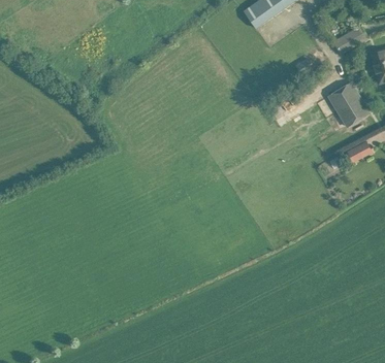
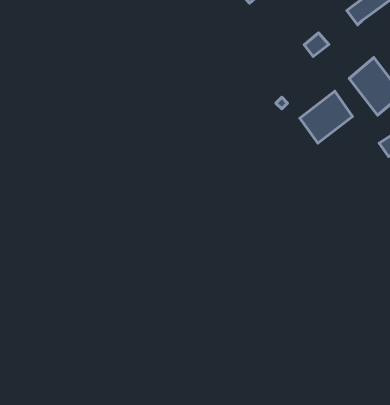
building: none -> [300,91,353,143]

